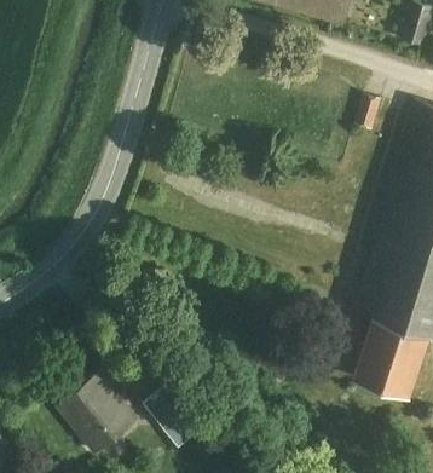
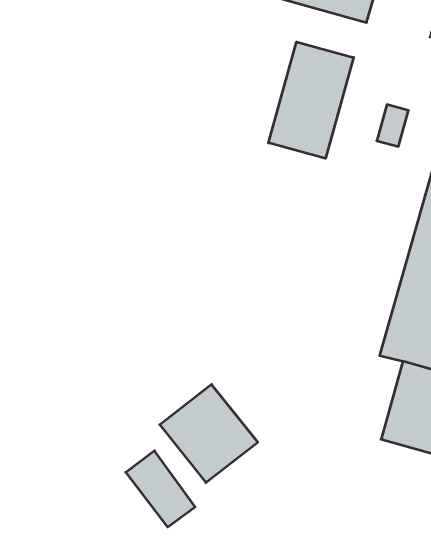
building: none -> [268,42,354,158]
building: [59,373,142,455] -> [160,384,258,483]

